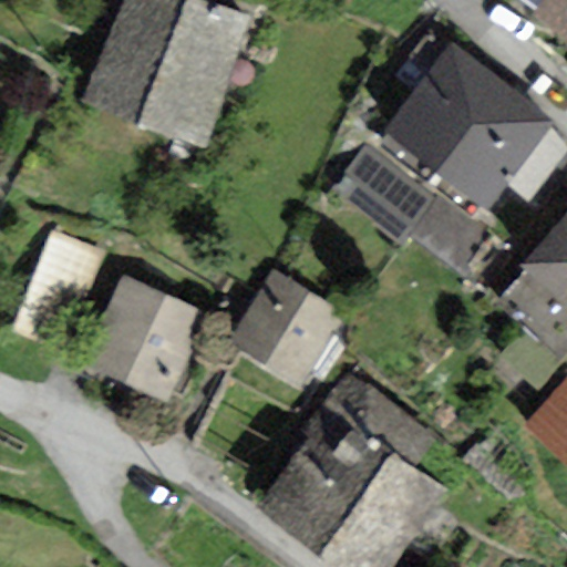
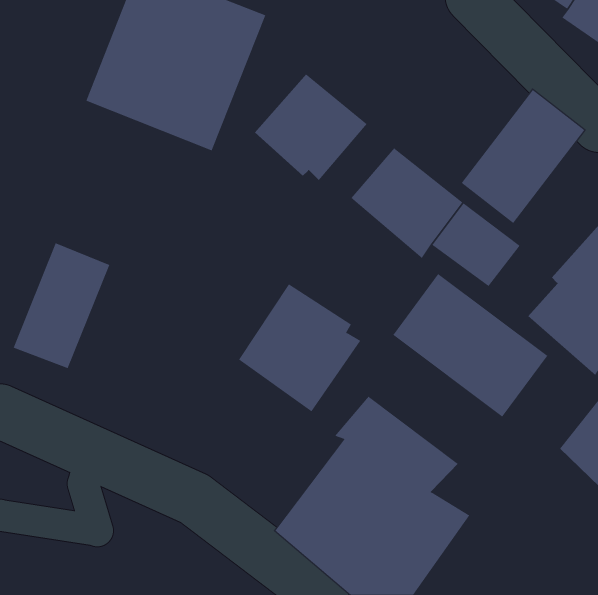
building: [383,44,504,173] -> none
building: none -> [254,73,367,181]
building: none -> [393,273,548,418]
building: [84,274,198,399] -> none

